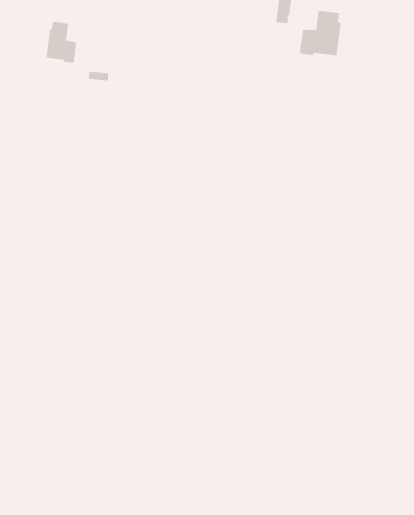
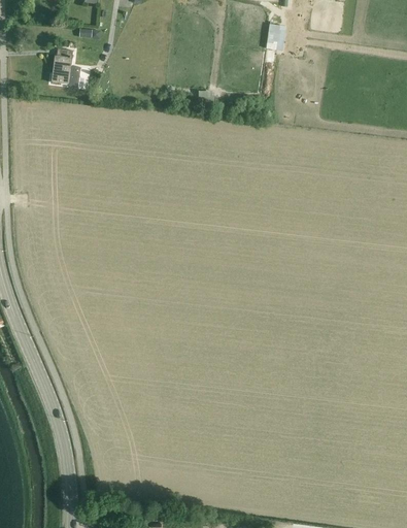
building: [299,10,341,56] -> none

